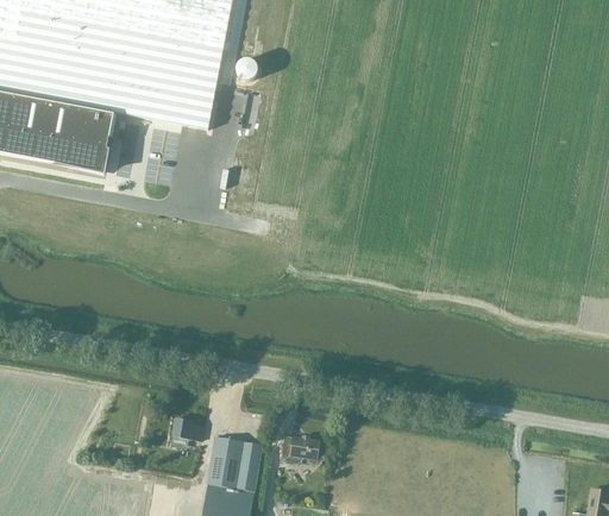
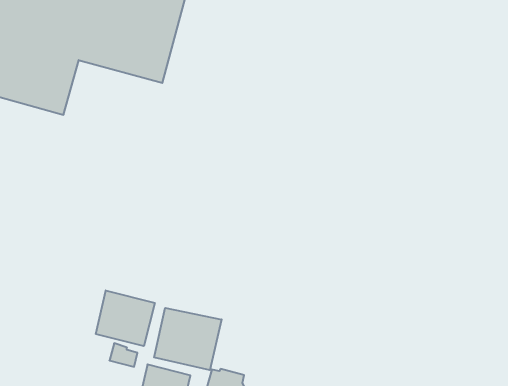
building: none -> [96,290,155,346]
building: none -> [154,308,222,370]

